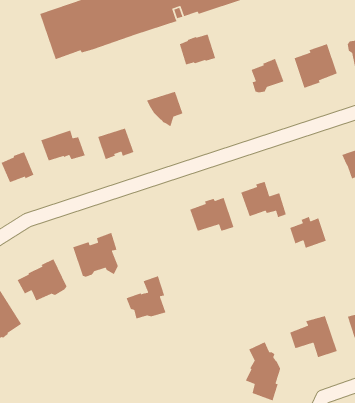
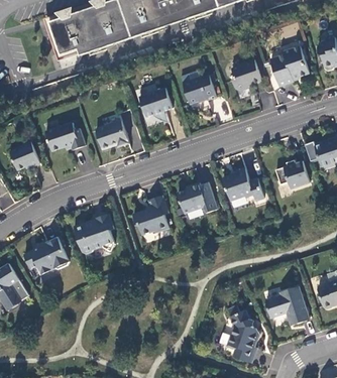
building: [179,34,216,65] -> [183,75,216,103]
building: [289,216,327,249] -> [275,159,309,188]
building: [126,275,166,320] -> [132,195,168,234]

